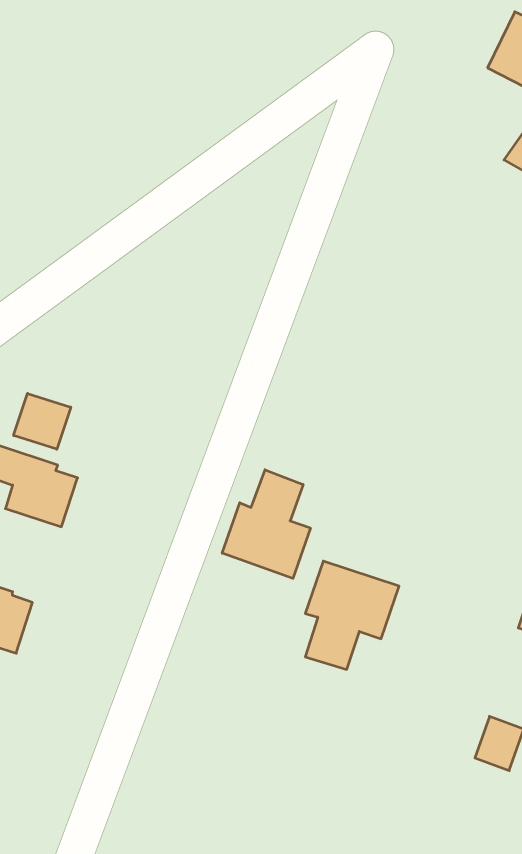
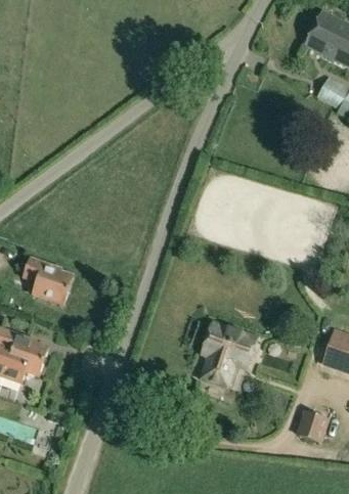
building: [14,393,71,449] -> none
building: [222,470,310,578] -> none

